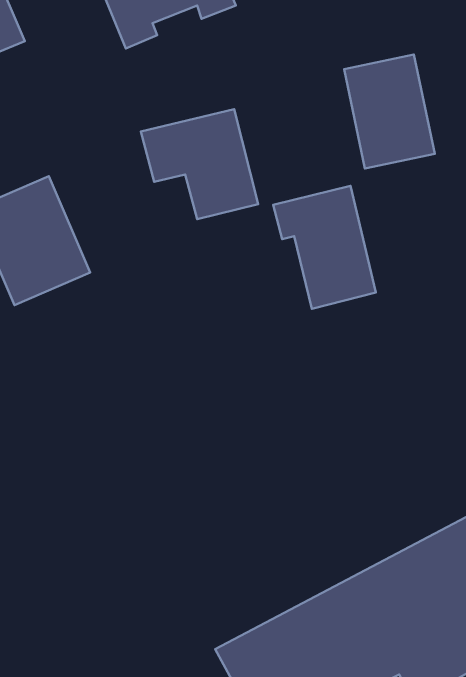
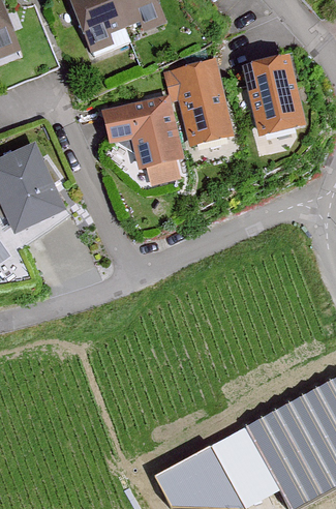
building: [273,186,376,309] -> [162,61,234,147]

